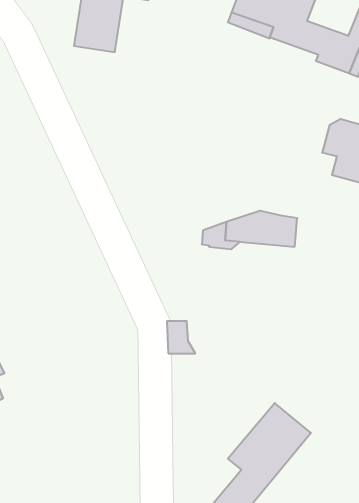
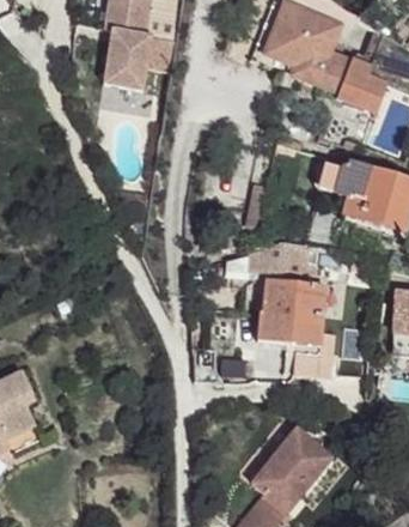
building: none -> [256,279,325,355]

